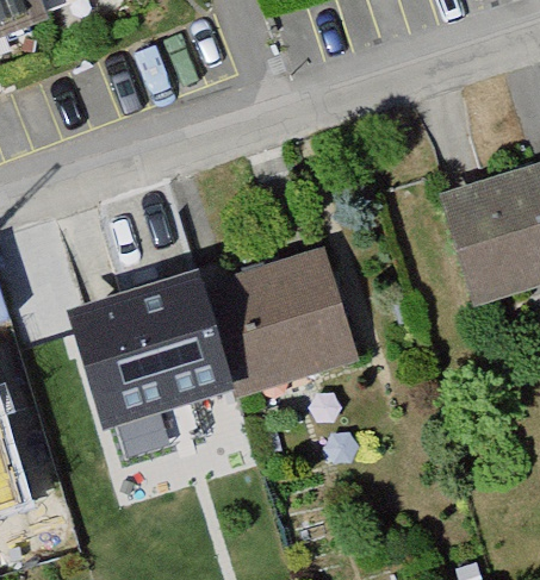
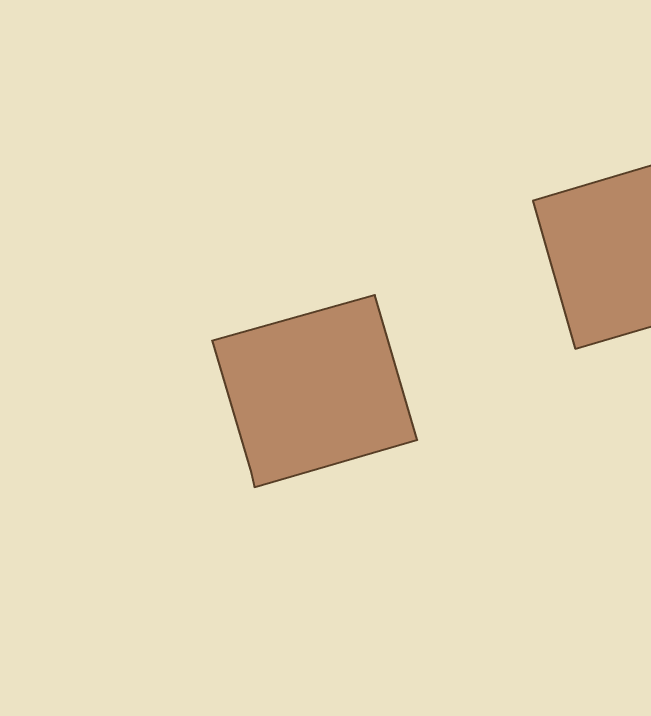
building: [85,277,236,422] -> none

